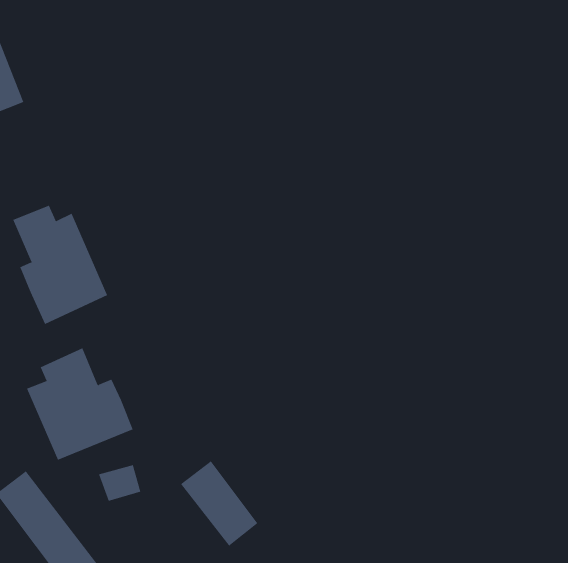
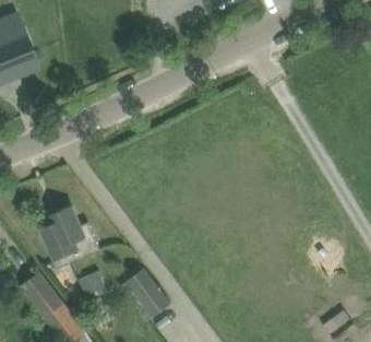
building: [12,205,108,325] -> none

